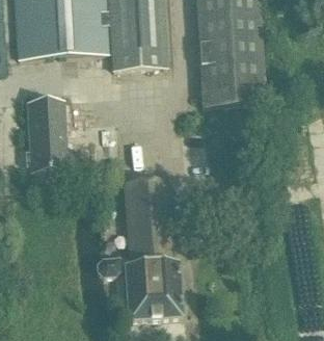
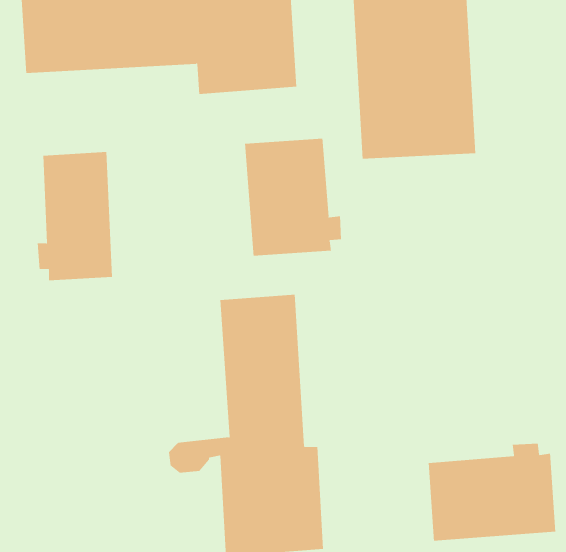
building: none -> [245,138,342,256]
building: none -> [428,443,556,541]

